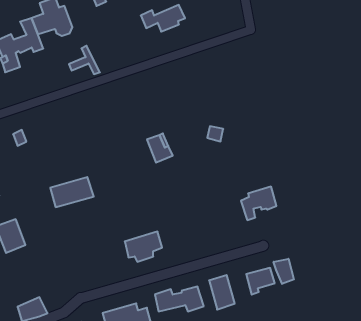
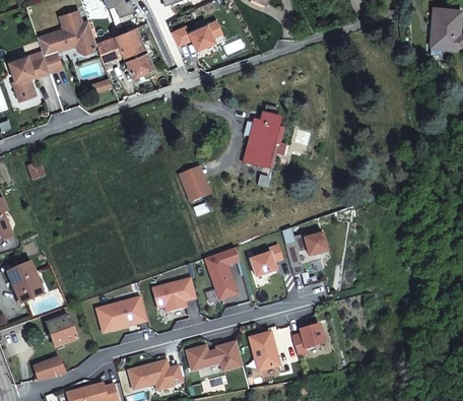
building: none -> [94,25,156,76]
building: none -> [249,113,278,151]
building: [50,177,94,207] -> [98,298,148,333]
building: none -> [253,246,283,275]
building: none -> [206,248,241,298]
building: [274,259,294,284] -> none
building: none -> [44,313,78,347]

